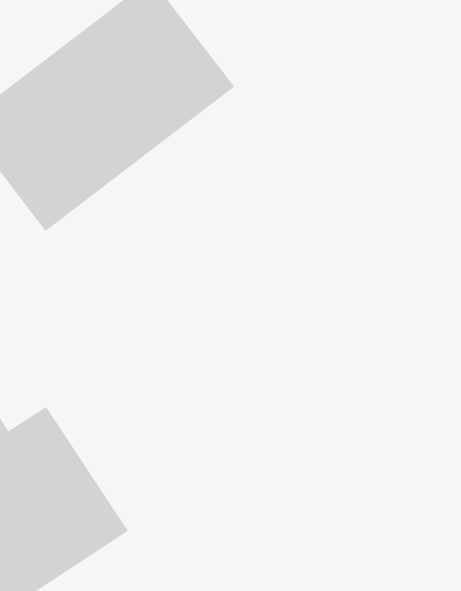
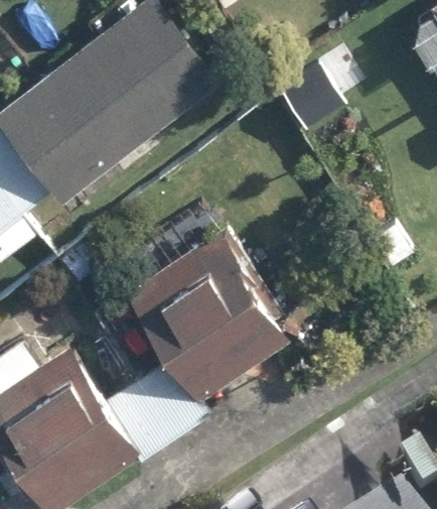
building: none -> [125,237,287,401]

